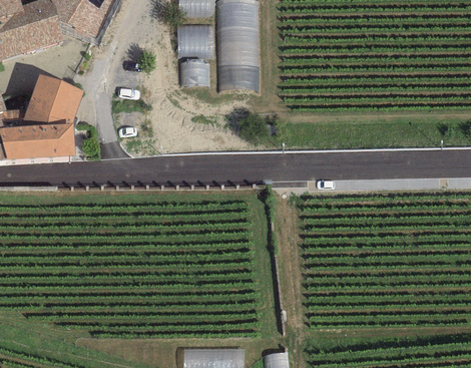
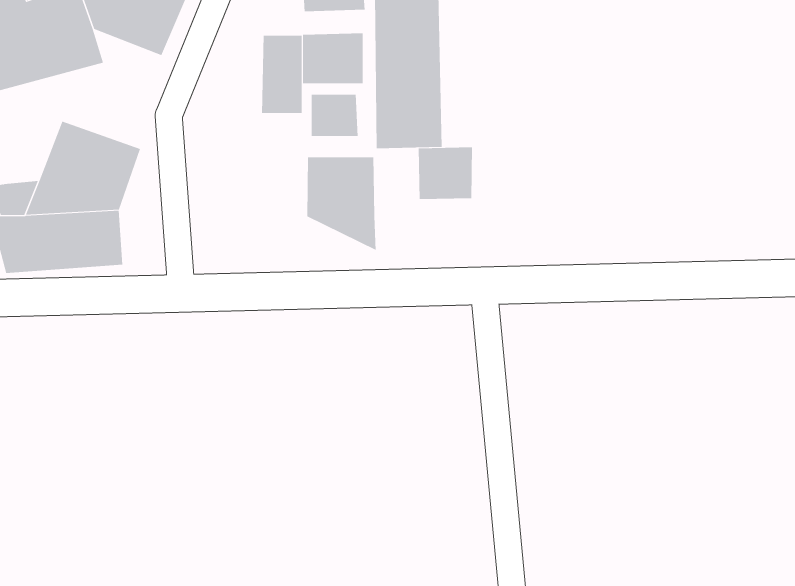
building: none -> [262,35,302,114]
building: none -> [418,146,473,200]
building: none -> [307,156,376,251]

